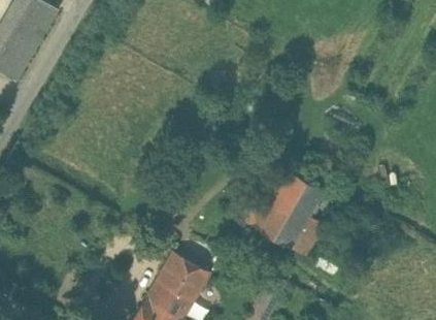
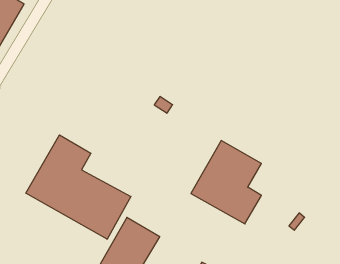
building: none -> [26,135,131,239]

